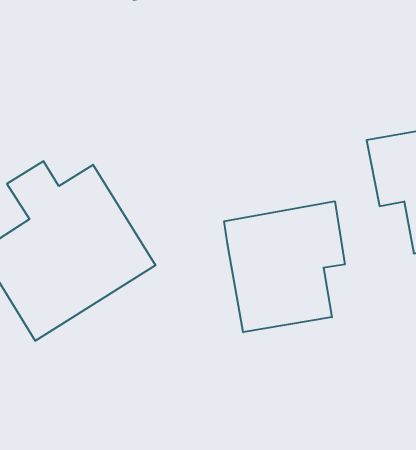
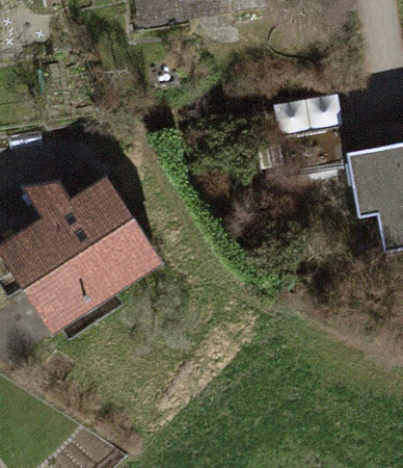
building: [224,201,345,332] -> none

